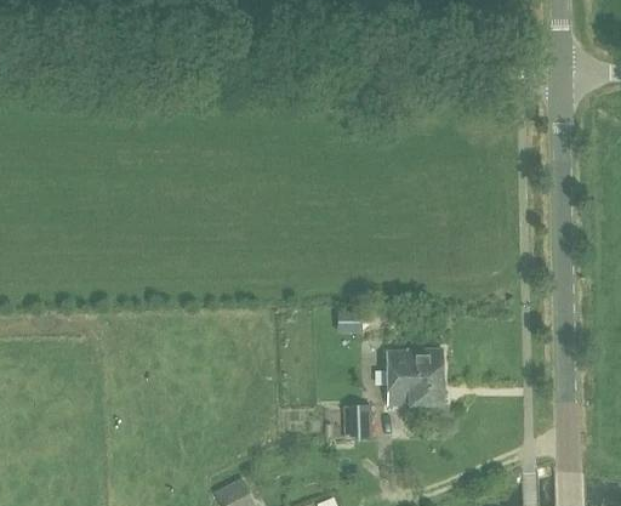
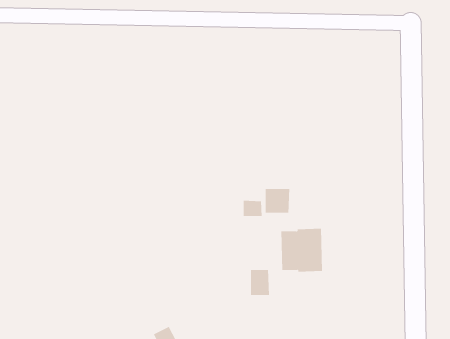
building: none -> [265,188,290,213]

